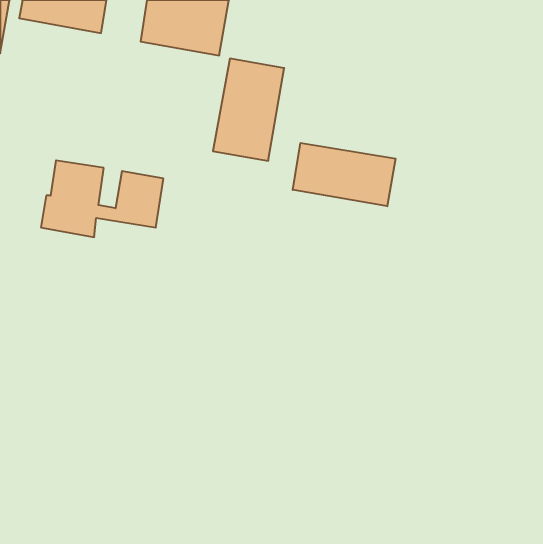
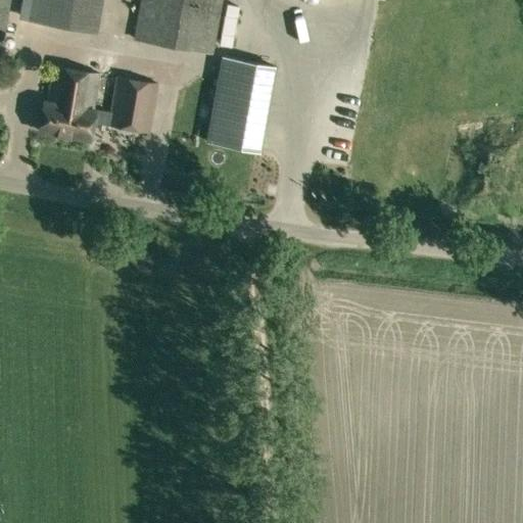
building: [293,143,396,206] -> none
building: [41,160,163,237] -> [40,66,157,140]

